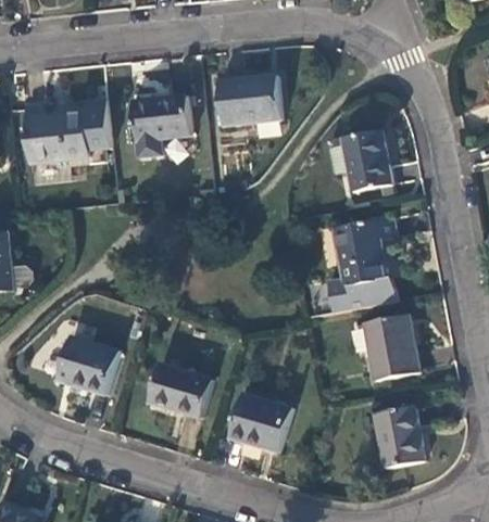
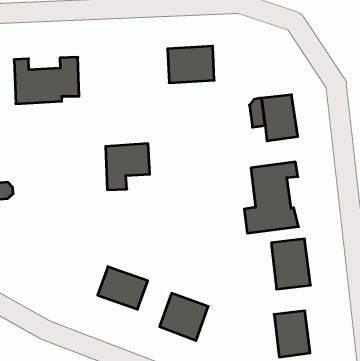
building: [131,94,190,156] -> [106,144,150,190]
building: [55,336,116,394] -> none

